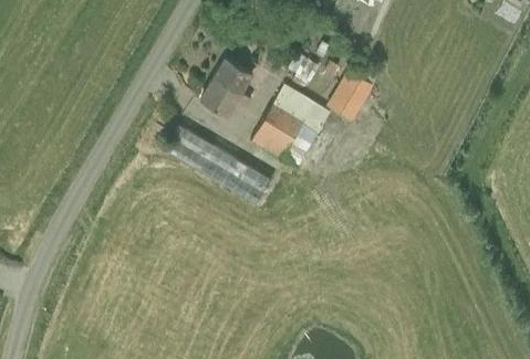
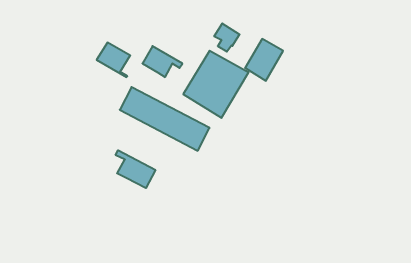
building: [211,59,252,101] -> [97,43,130,77]
building: none -> [116,150,155,188]

